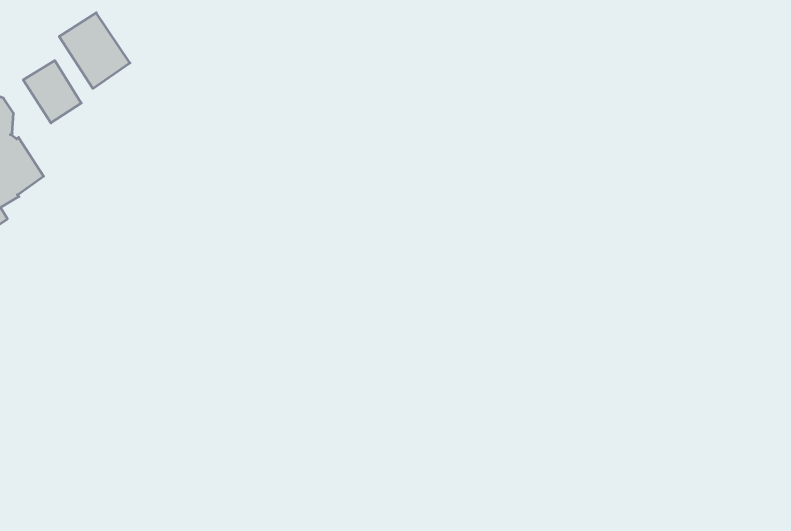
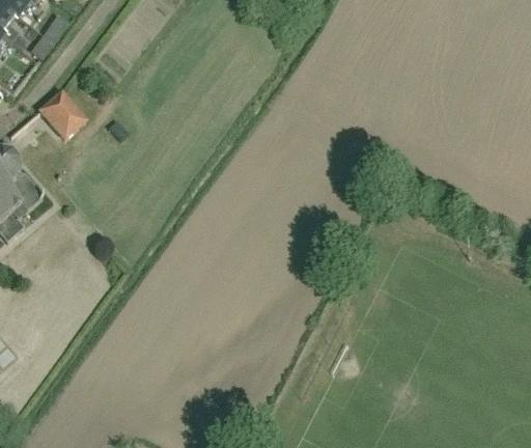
building: [23,61,81,123] -> none

